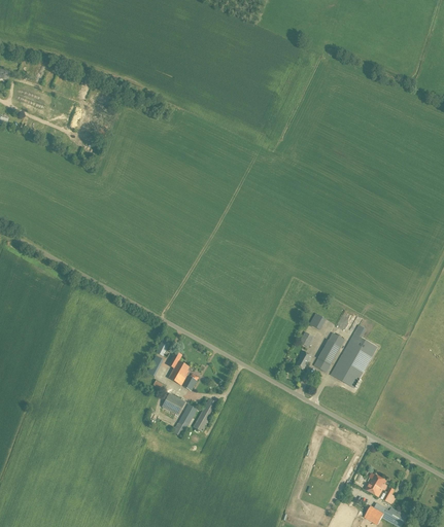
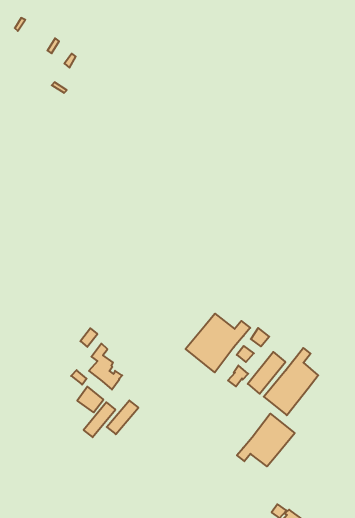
building: none -> [186,314,250,372]
building: none -> [237,414,295,466]

